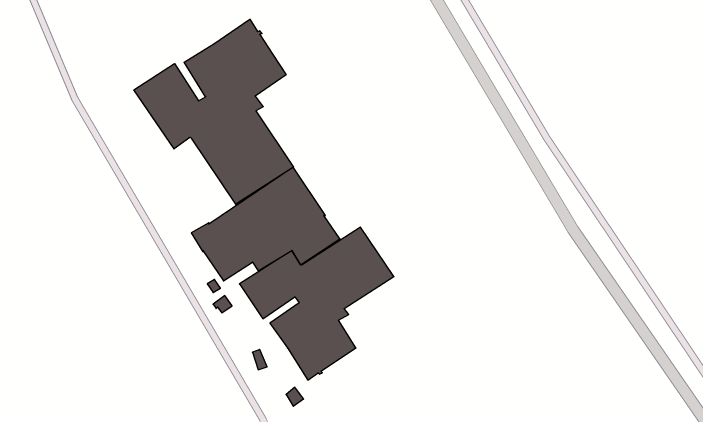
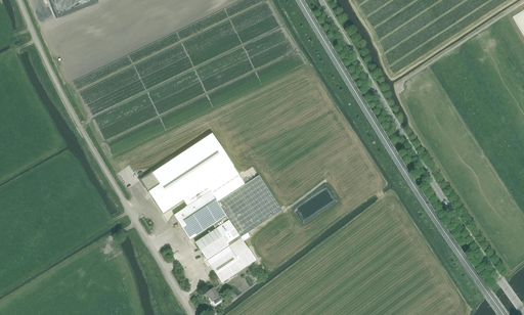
building: [134,19,294,204] -> none

